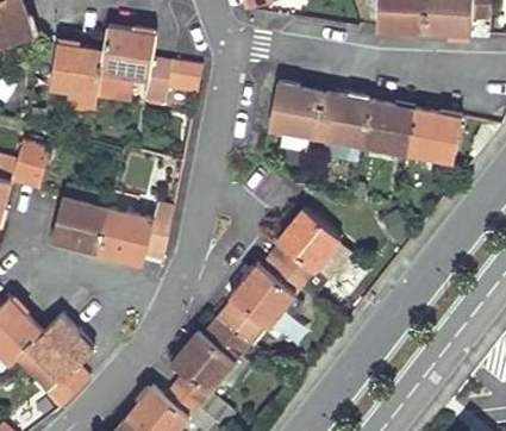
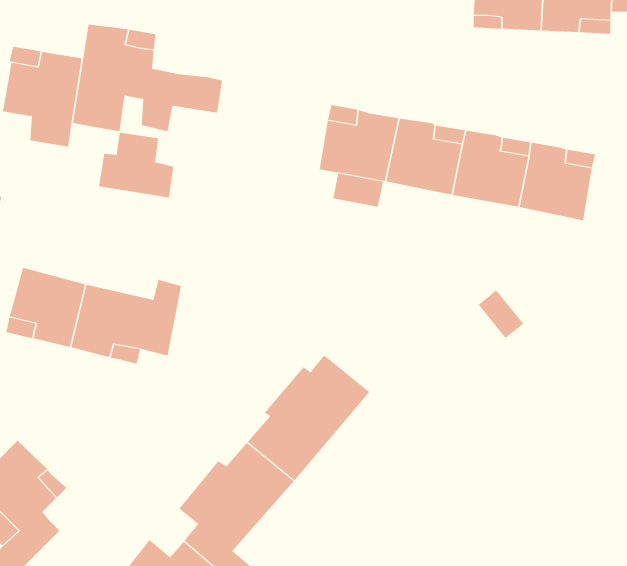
building: none -> [99,132,174,199]
building: [271,210,341,283] -> none

